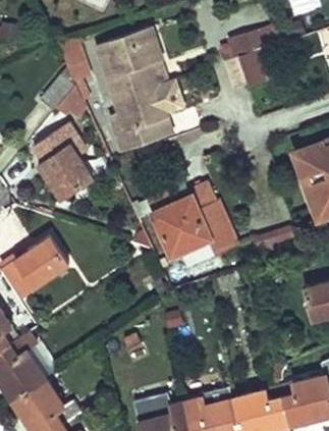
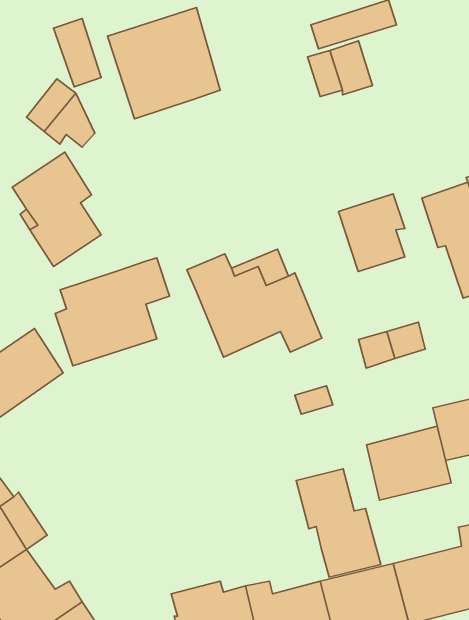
building: [109,83,182,152] -> [55,258,170,366]
building: none -> [338,194,405,272]
building: none -> [366,426,451,500]
building: none -> [296,469,381,577]

